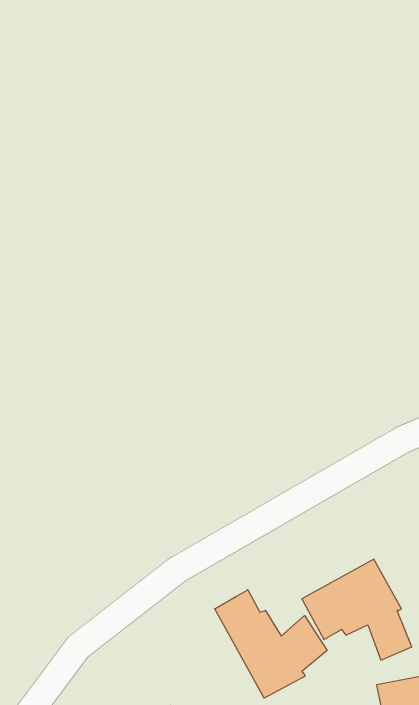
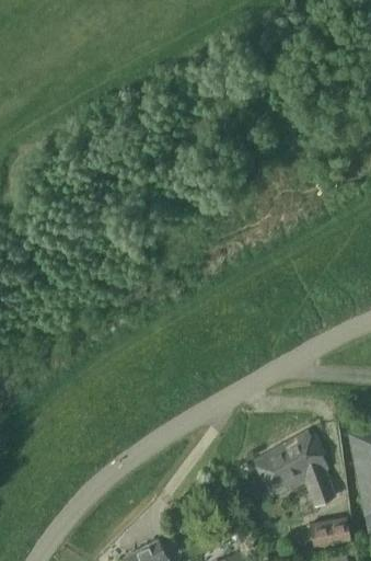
building: [215,590,327,698] -> none

